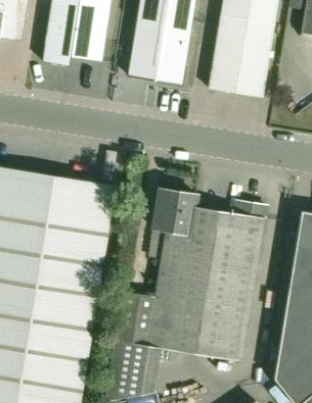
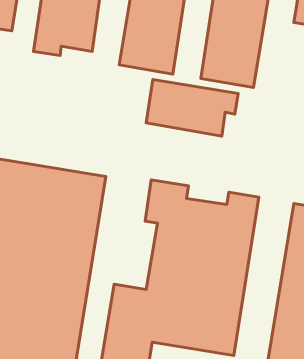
building: none -> [146,79,238,136]

